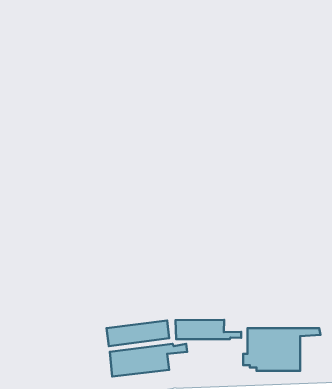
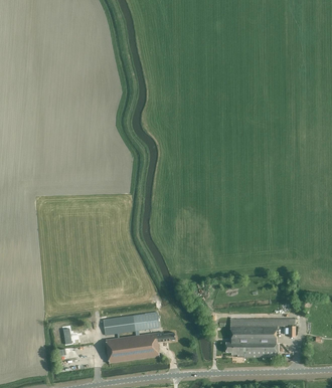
building: [175,320,241,339] -> none

